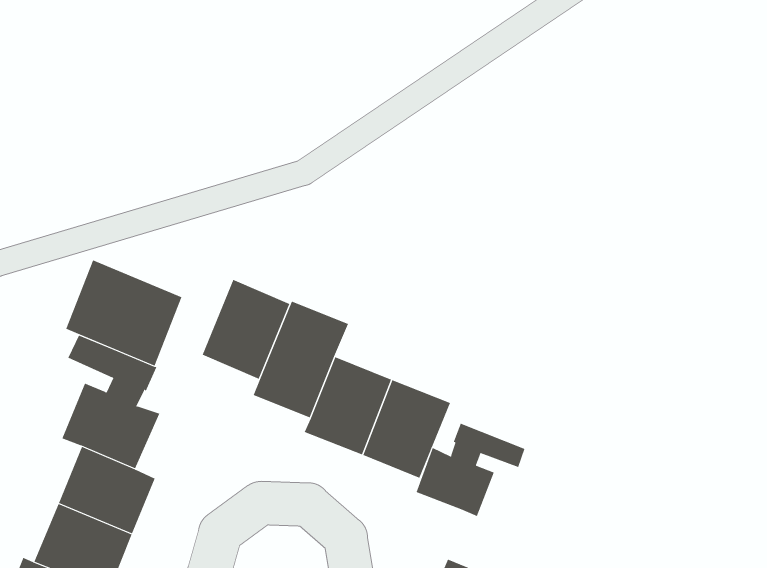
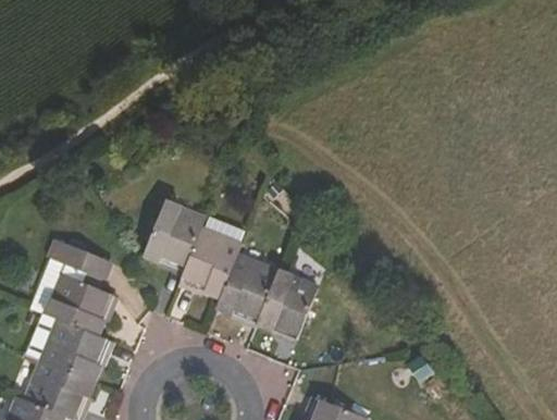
building: [66,259,182,366] -> none
building: [416,423,525,517] -> none

